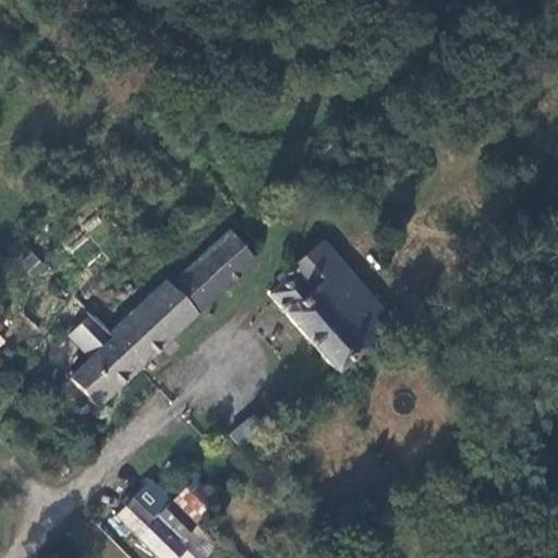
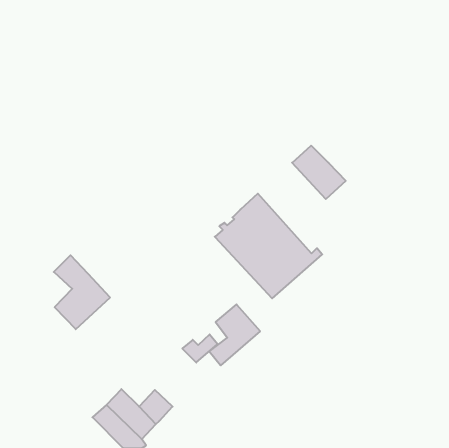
building: none -> [292,146,346,199]
building: [110,222,255,368] -> none
building: none -> [209,304,260,365]

